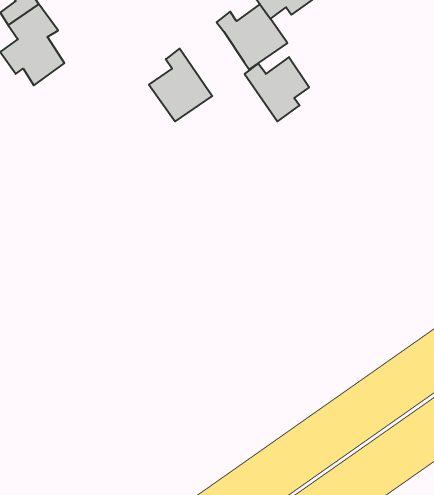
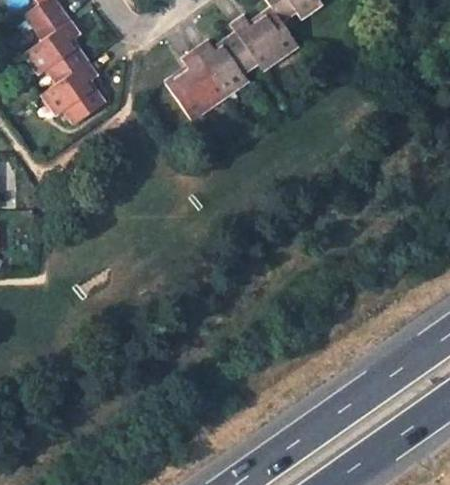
building: [245,57,309,121] -> [195,33,256,94]
building: none -> [44,60,102,123]

